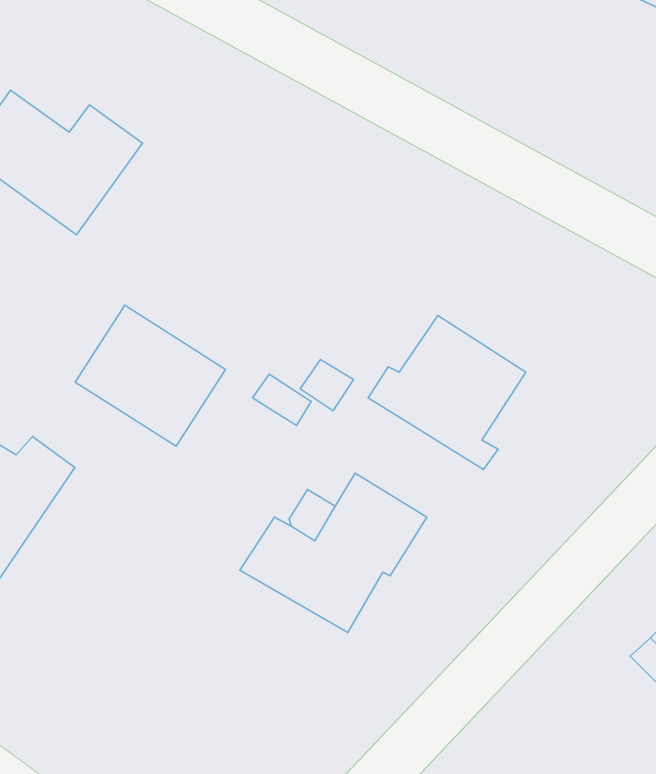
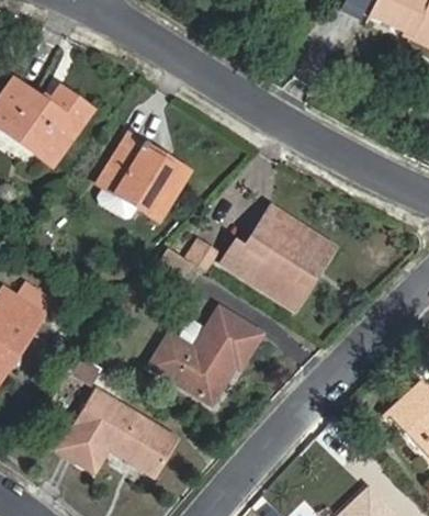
building: [75,305,226,446] -> [98,136,188,221]
building: none -> [56,389,179,479]

